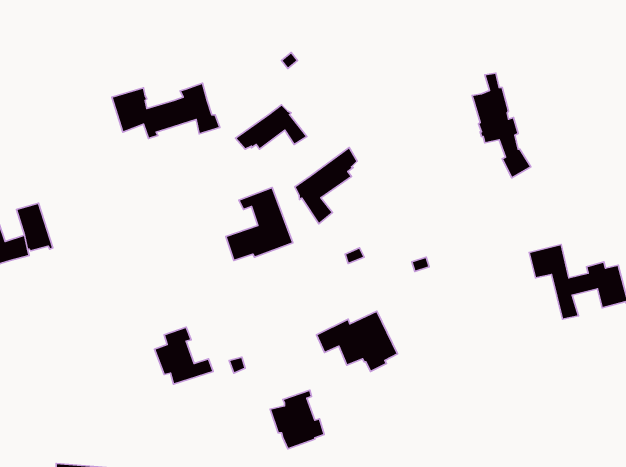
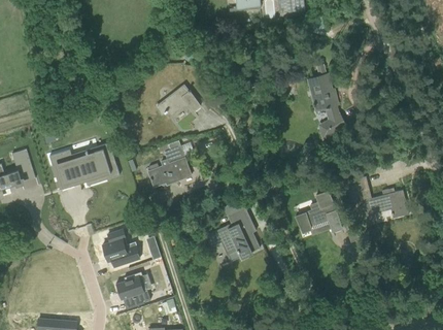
building: [112,83,220,139] -> [49,146,120,183]
building: [295,147,357,224] -> none
building: none -> [297,194,342,233]
building: [270,390,324,449] -> [115,271,150,309]

